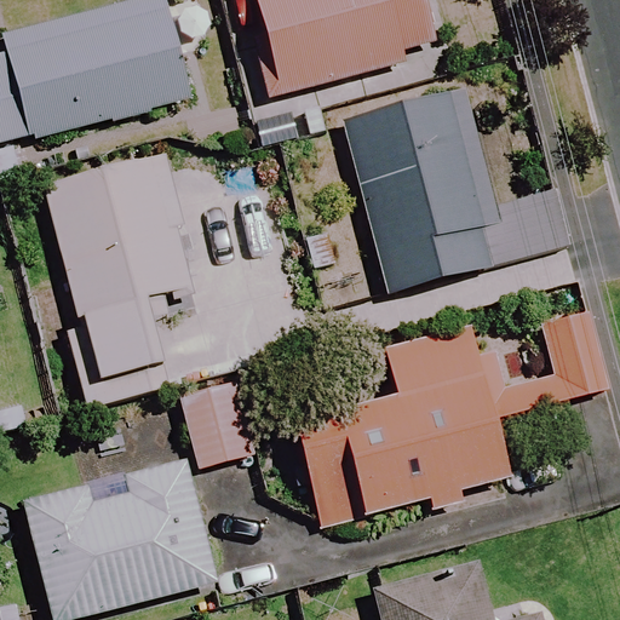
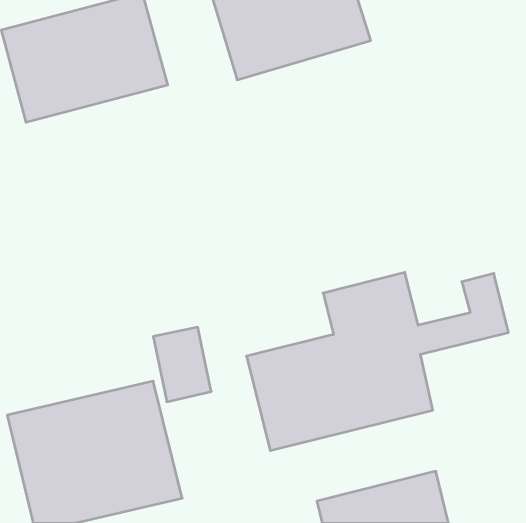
building: [344,93,498,297] -> none
building: [45,160,189,361] -> none

